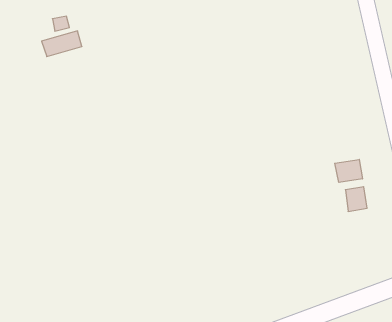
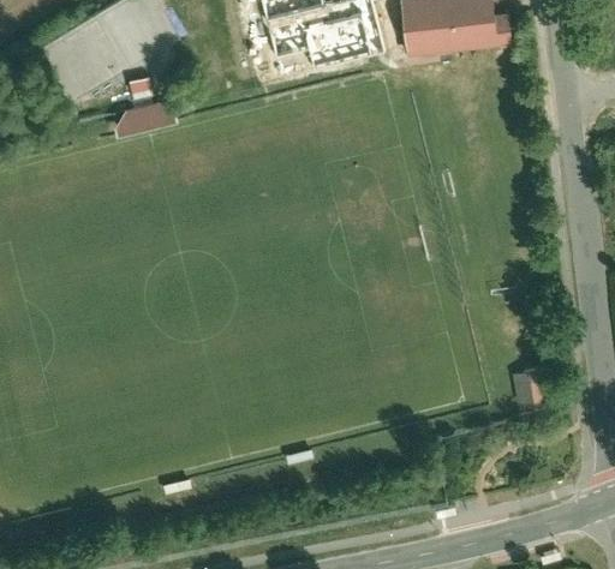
building: [335,159,362,182] -> none

